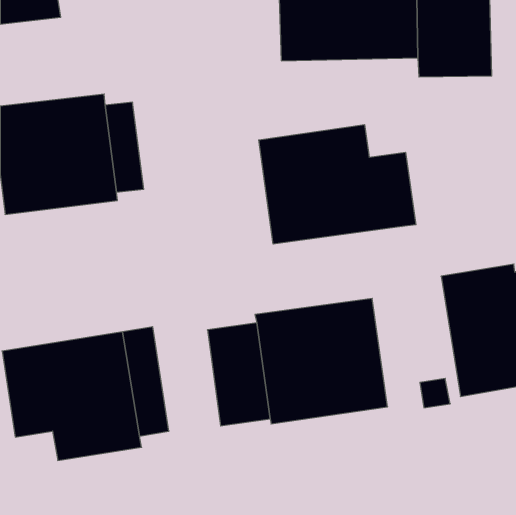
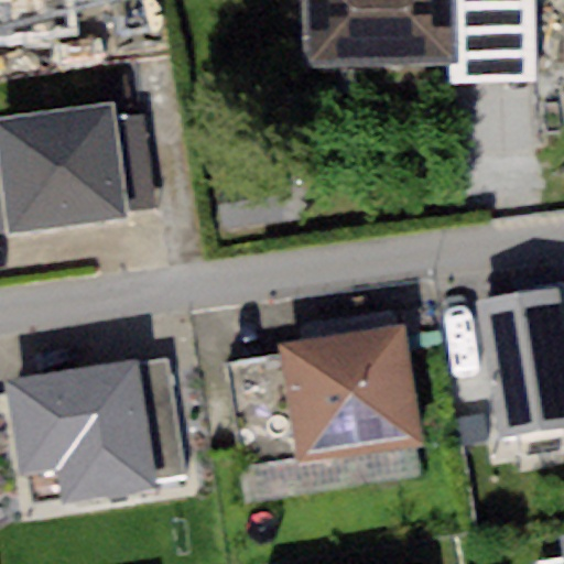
building: [259,125,416,244] -> none

